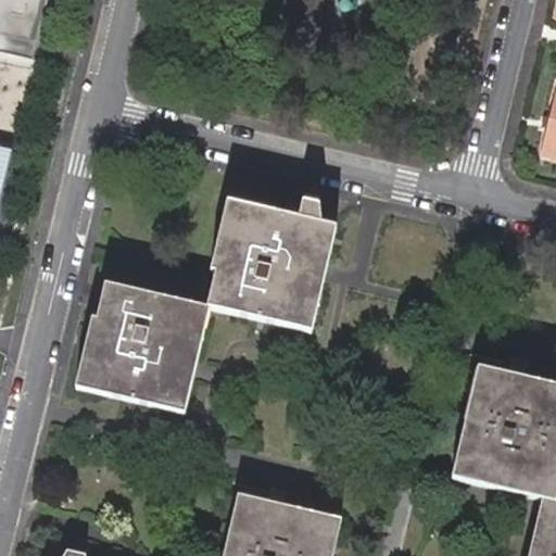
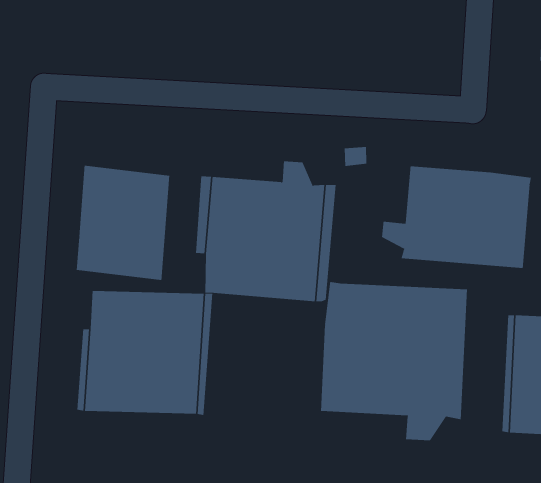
building: none -> [76,165,170,281]
building: none -> [382,165,532,269]
building: none -> [321,281,468,441]

